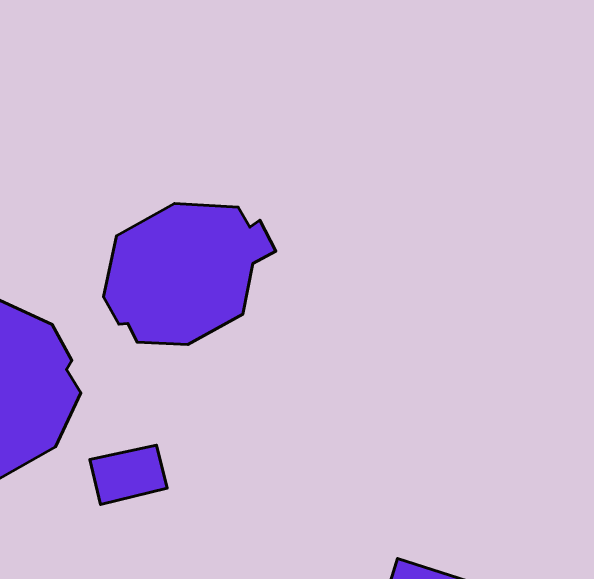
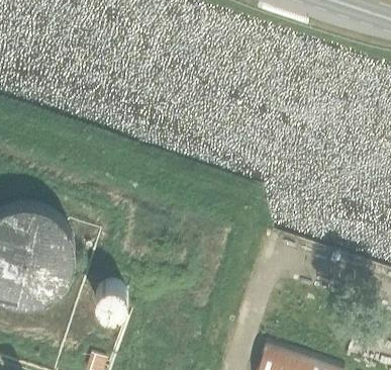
building: [104,203,276,344] -> none

